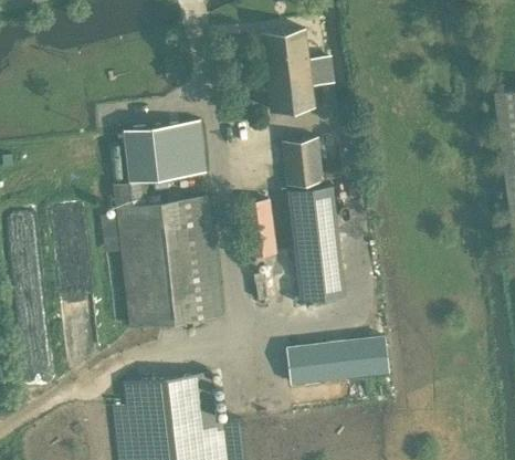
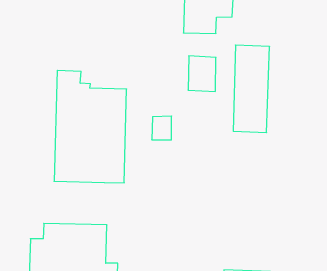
building: [123,123,207,185] -> none
building: [287,188,344,304] -> [233,45,270,133]
building: [284,337,386,385] -> none

